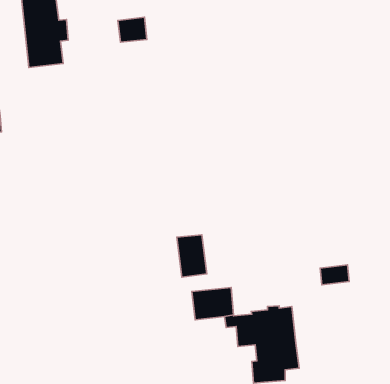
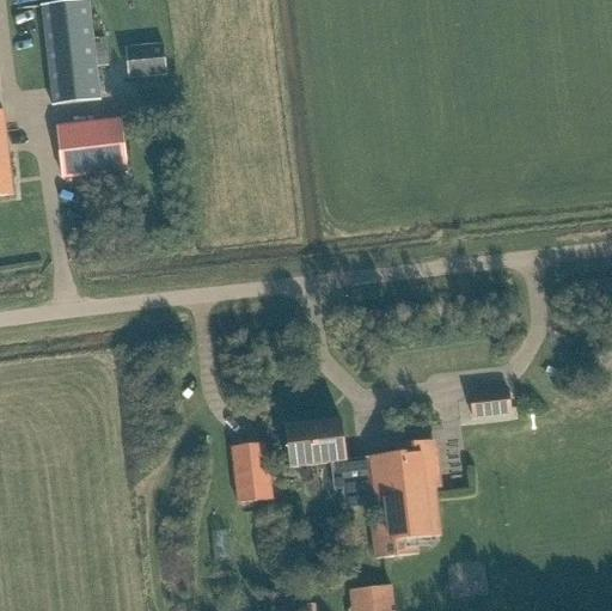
building: [118,17,147,42] -> [126,42,167,78]
building: none -> [57,117,128,177]
building: [177,235,207,277] -> [231,442,274,503]

